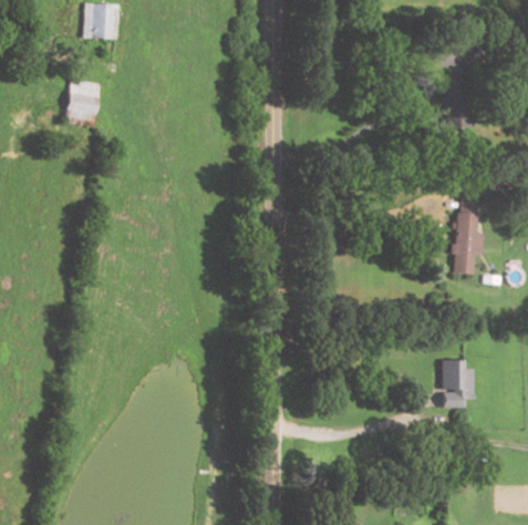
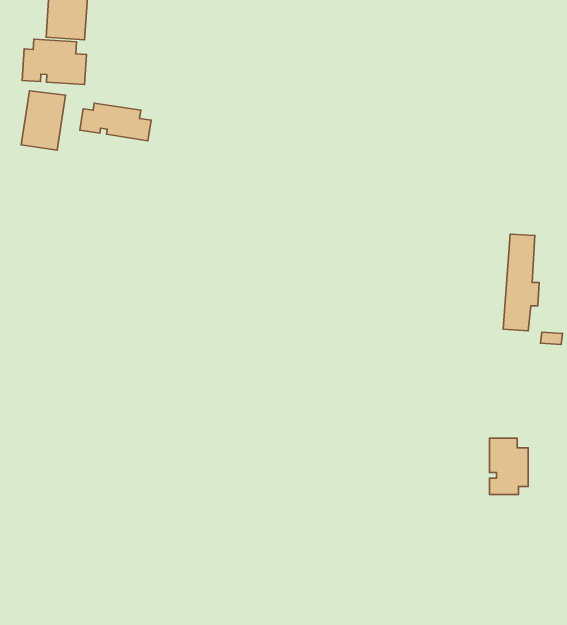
building: none -> [22,39,86,84]
building: none -> [80,103,151,141]

